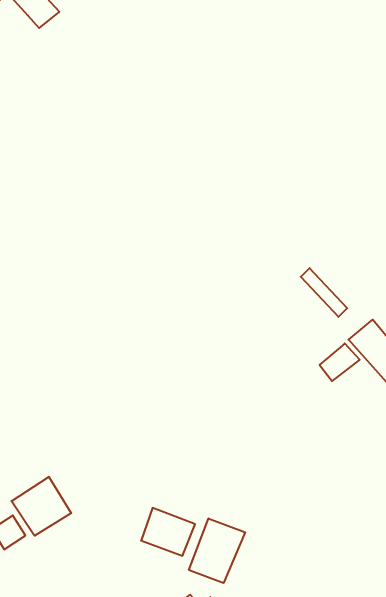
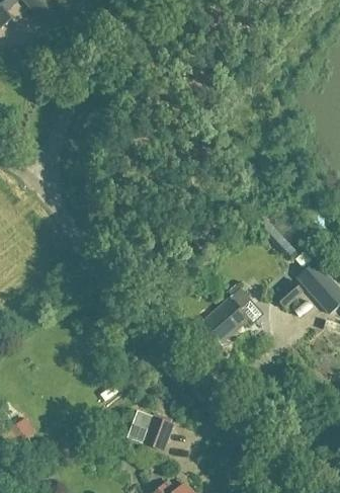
building: none -> [200,287,263,345]
building: [11,477,71,536] -> none
building: [189,518,245,583] -> none

